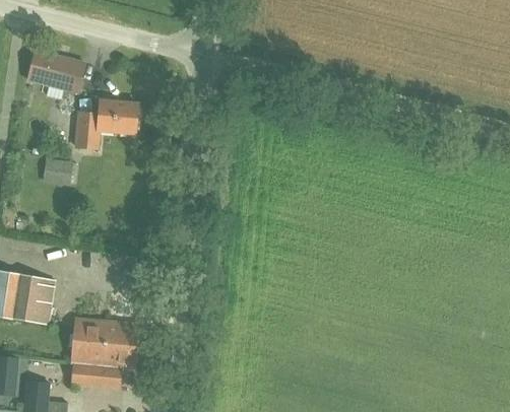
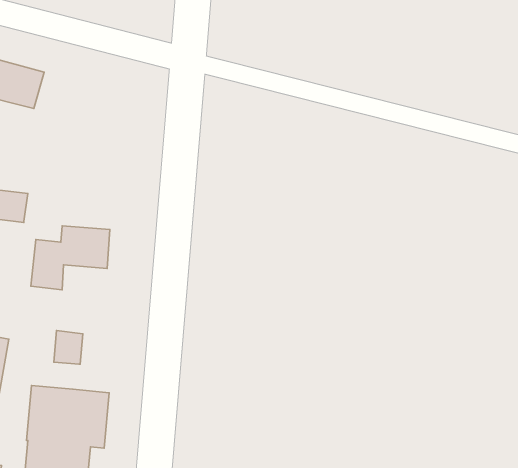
building: [73,99,137,151] -> [31,226,110,290]
building: none -> [54,331,83,364]

